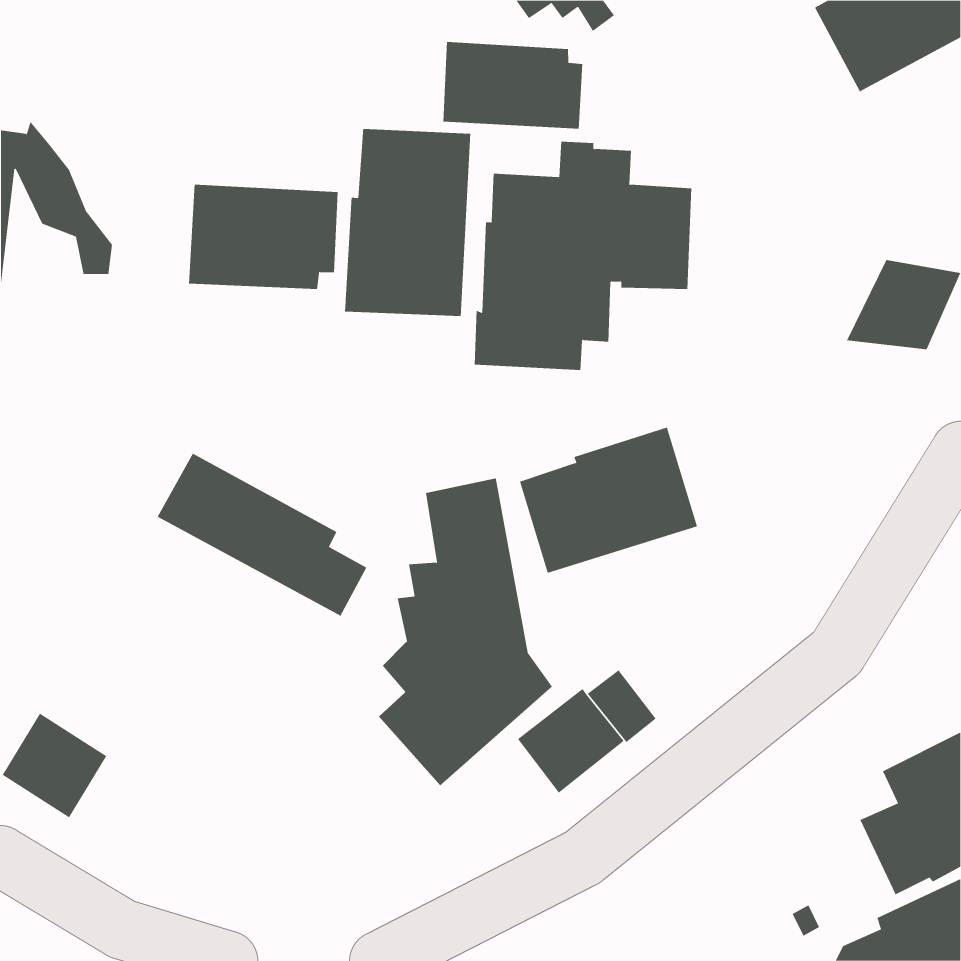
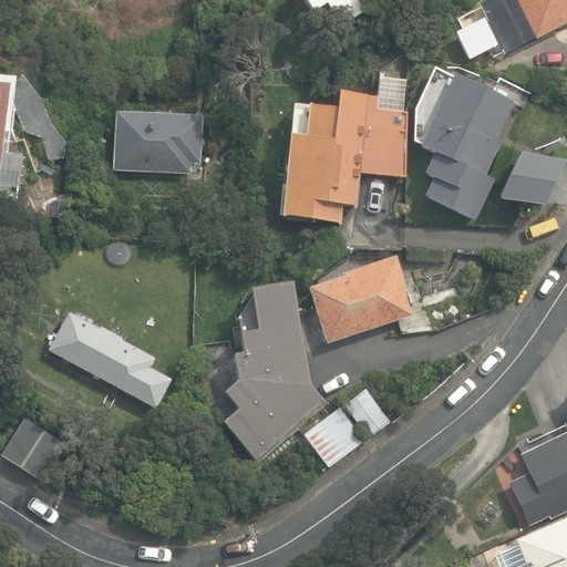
building: [443,41,583,129] -> none
building: none -> [420,74,514,221]
building: [344,128,471,317] -> none
building: [157,453,367,616] -> [49,312,173,409]

